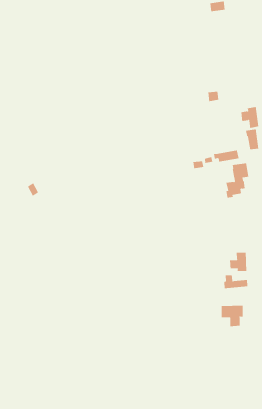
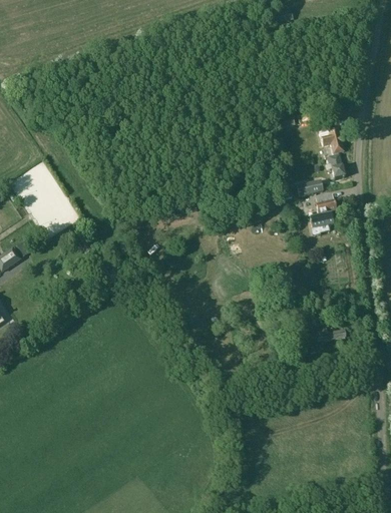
building: [229,252,247,272] -> none
building: [221,305,243,327] -> none

